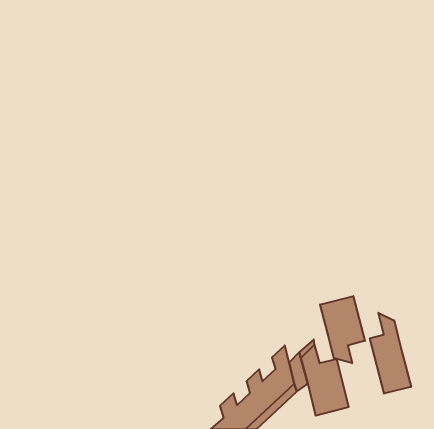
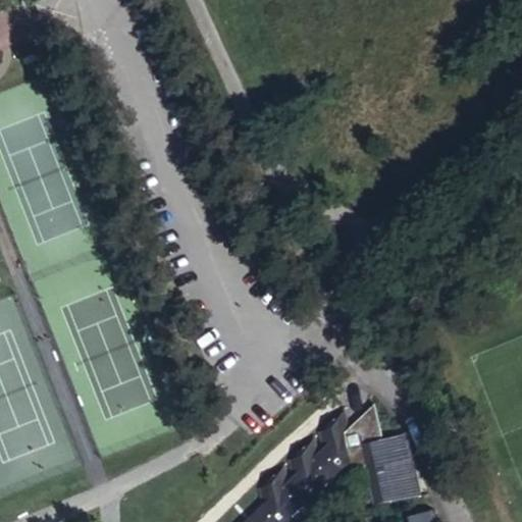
building: [320,296,365,363] -> none
building: [370,313,411,394] -> none

